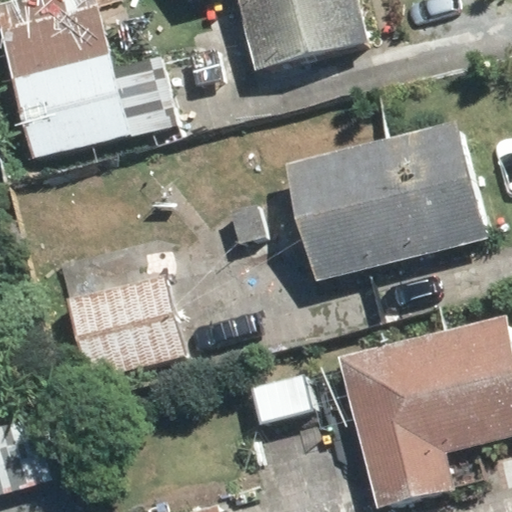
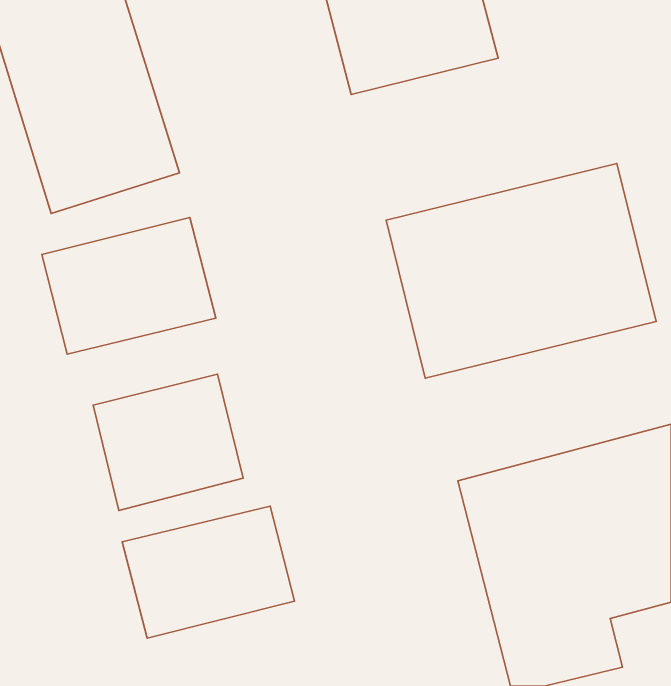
building: none -> [42,217,216,354]
building: none -> [122,506,294,638]

